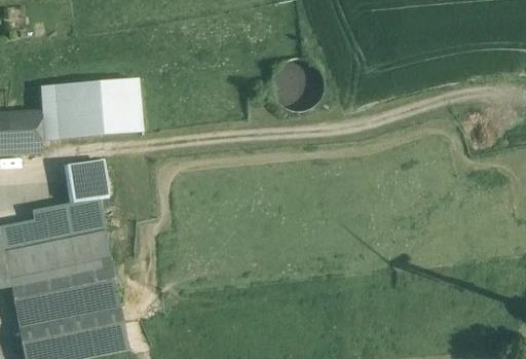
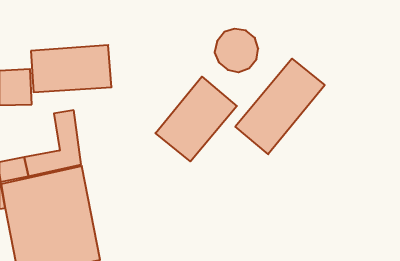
building: none -> [235,59,325,154]
building: none -> [155,77,237,161]

